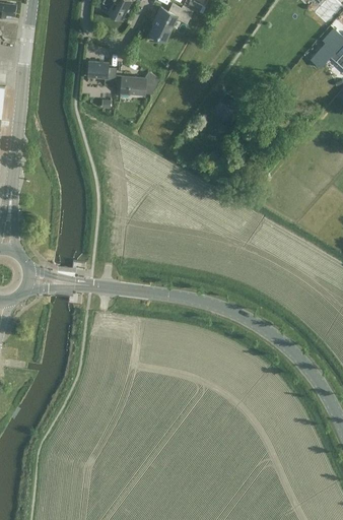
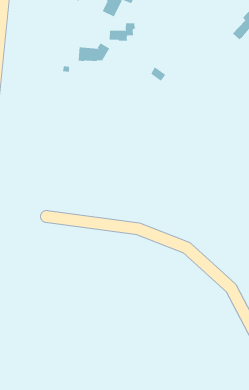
building: none -> [109,22,135,41]
building: [87,61,116,85] -> none

